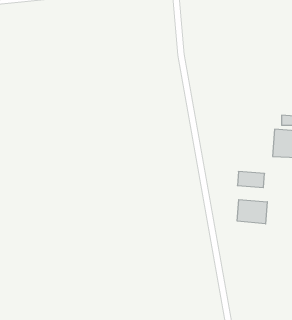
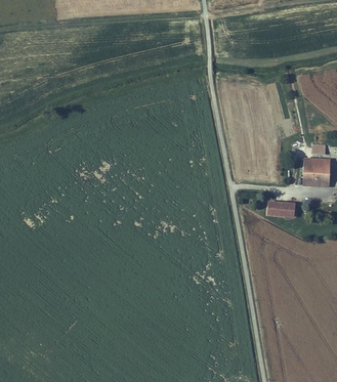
building: [237,200,267,224] -> none

